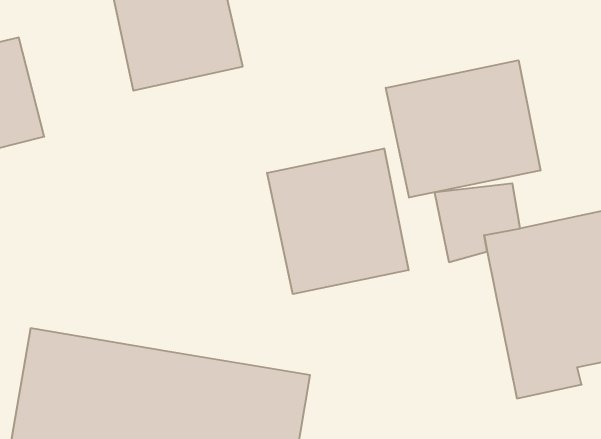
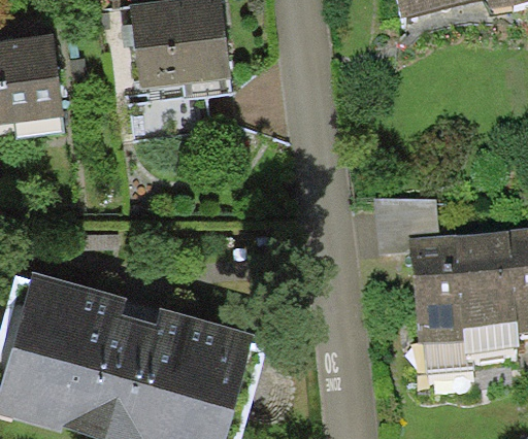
building: [386,60,540,198] -> none
building: [267,148,409,294] -> none

